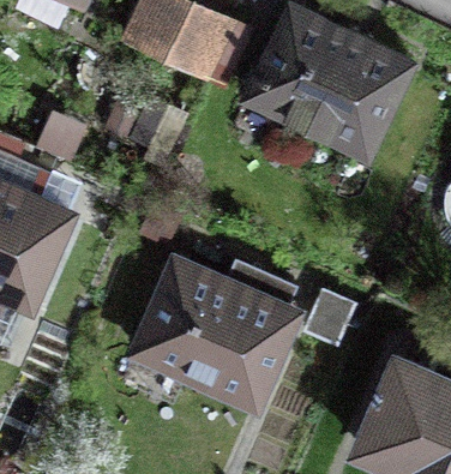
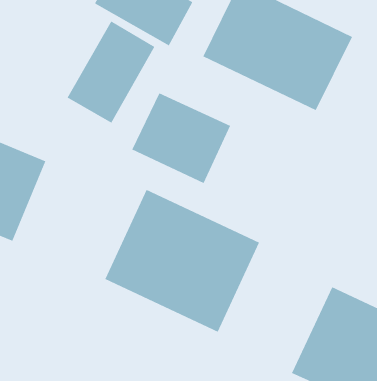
building: none -> [67,20,155,123]
building: none -> [131,92,231,184]

